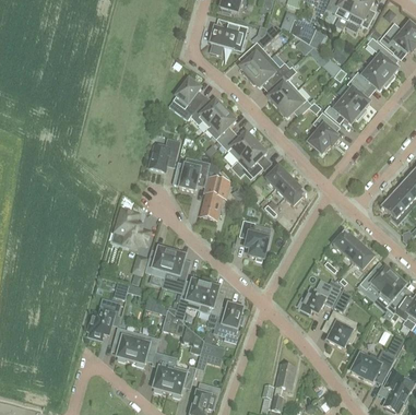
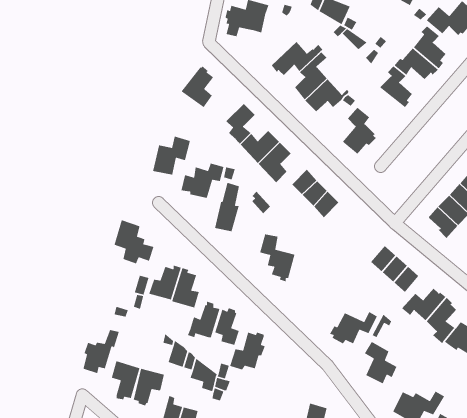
building: [239,42,270,78] -> none
building: [323,96,361,123] -> none
building: [189,99,225,127] -> none

